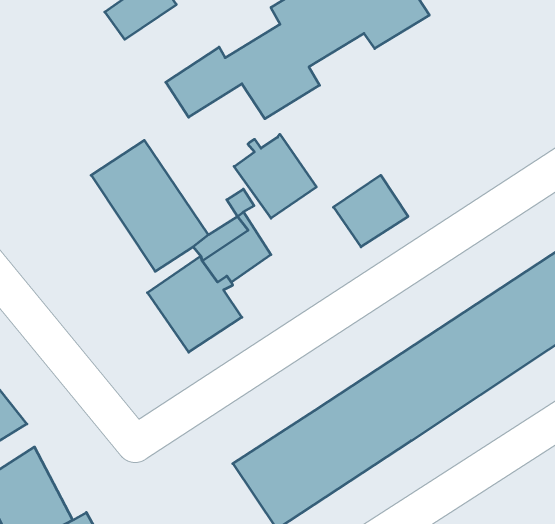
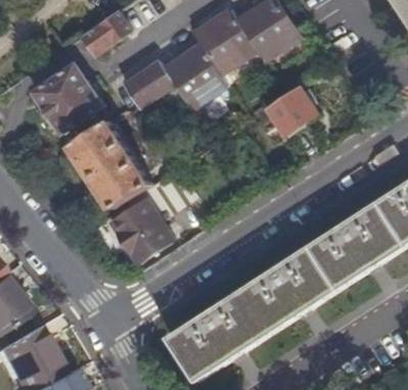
building: none -> [33,65,102,134]
building: [234,134,316,218] -> none
building: [333,175,408,247] -> [267,87,317,135]

